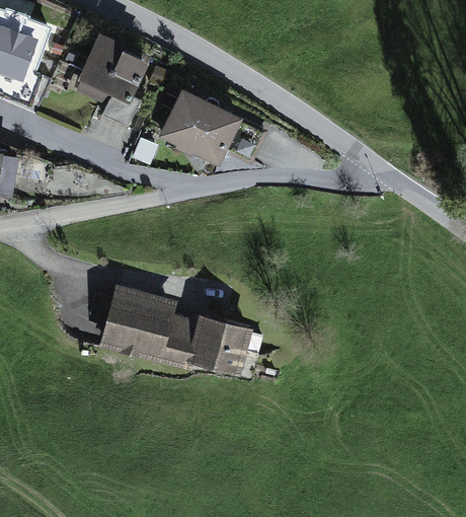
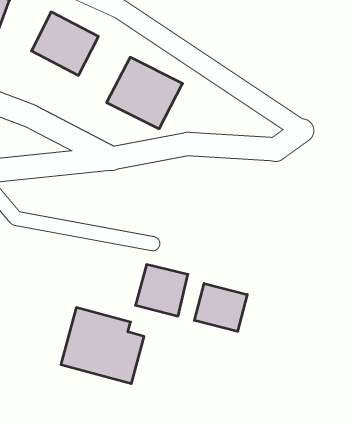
building: [93,286,186,371] -> [61,308,144,384]
building: none -> [194,283,247,331]

